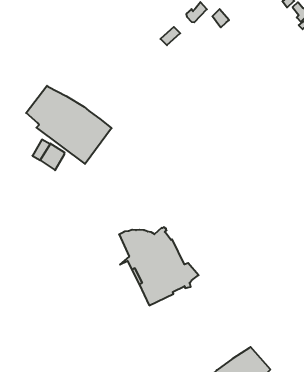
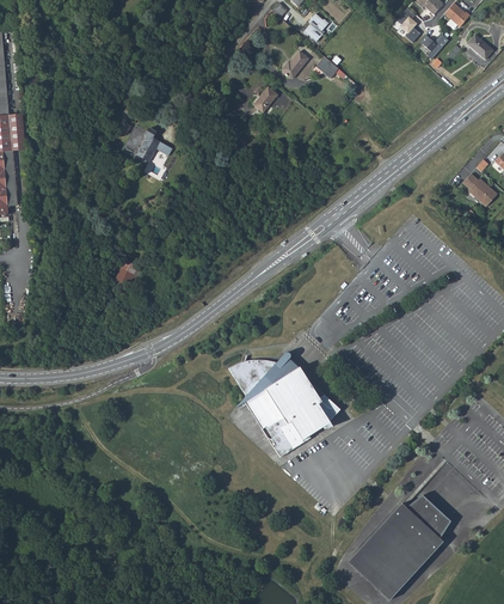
building: none -> [123,124,173,160]
building: [26,86,112,164] -> none

